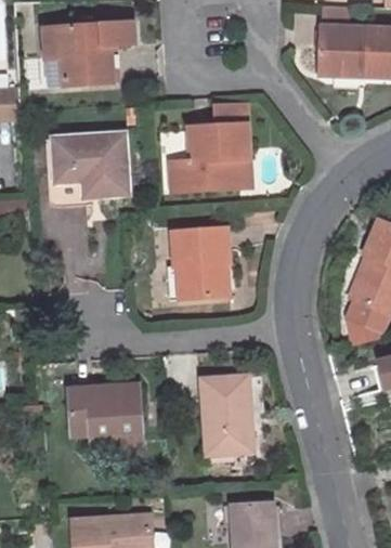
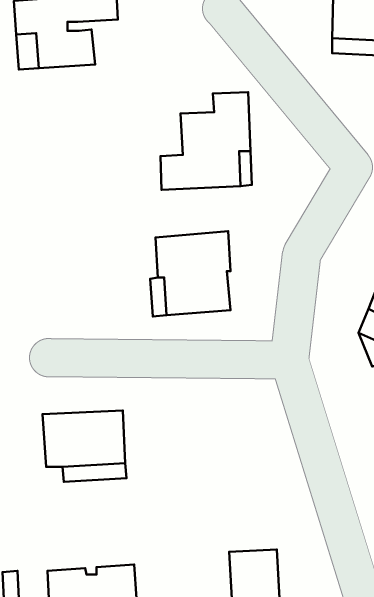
building: [55,134,129,197] -> none
building: [204,376,253,454] -> none

